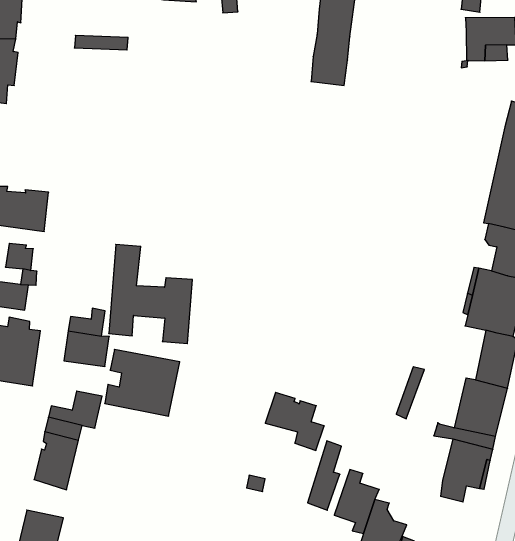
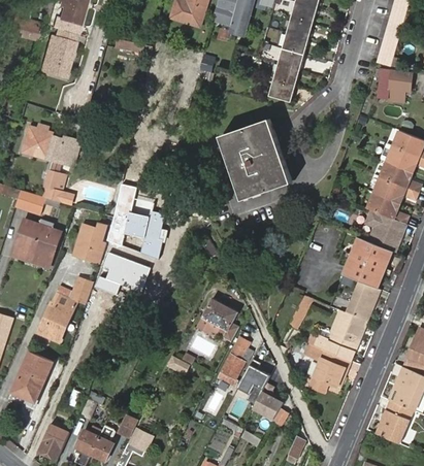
building: none -> [222,124,292,197]

